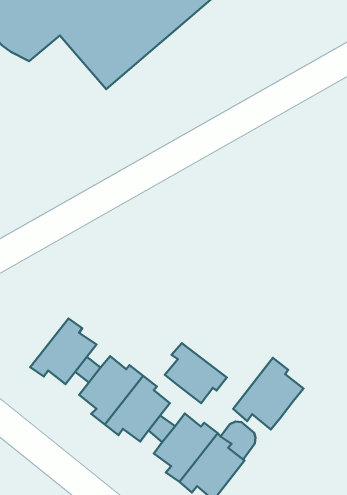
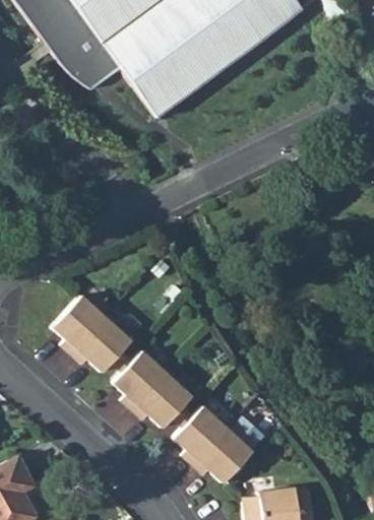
building: none -> [53,295,109,354]
building: [165,343,227,403] -> none
building: [233,358,304,430] -> none

